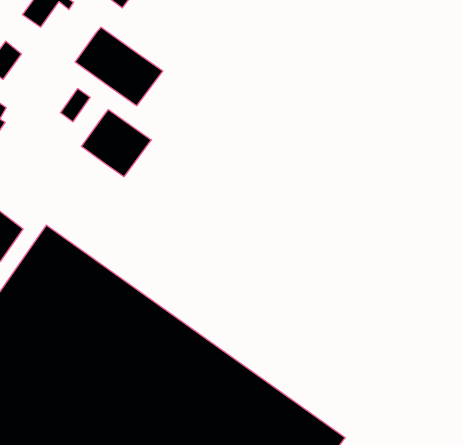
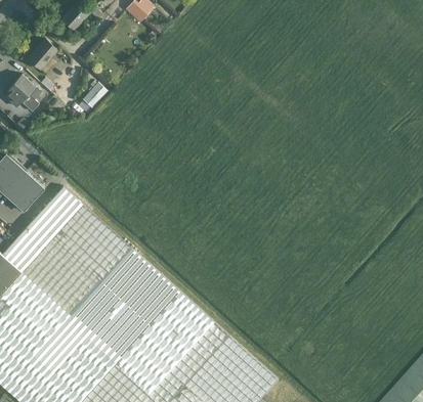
building: [75,27,163,106] -> none
building: [81,110,151,177] -> none

